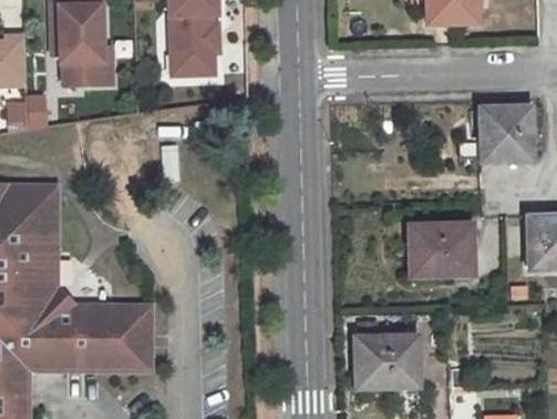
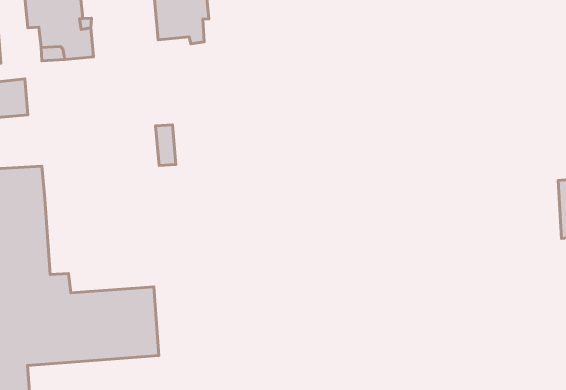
building: [478,109,532,165] -> none
building: [409,226,472,279] -> none
building: [354,338,419,391] -> none

